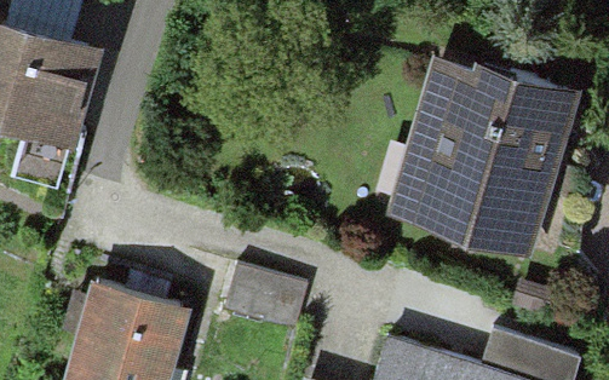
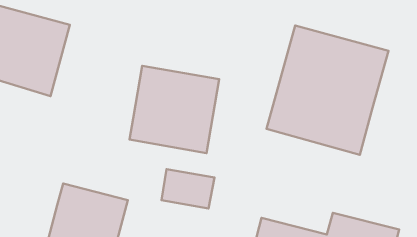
building: none -> [130,66,219,153]

